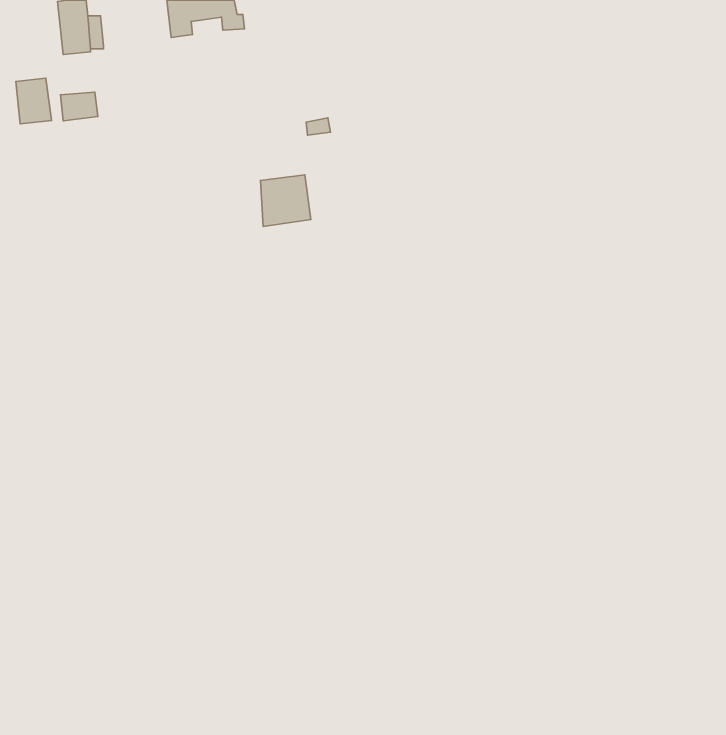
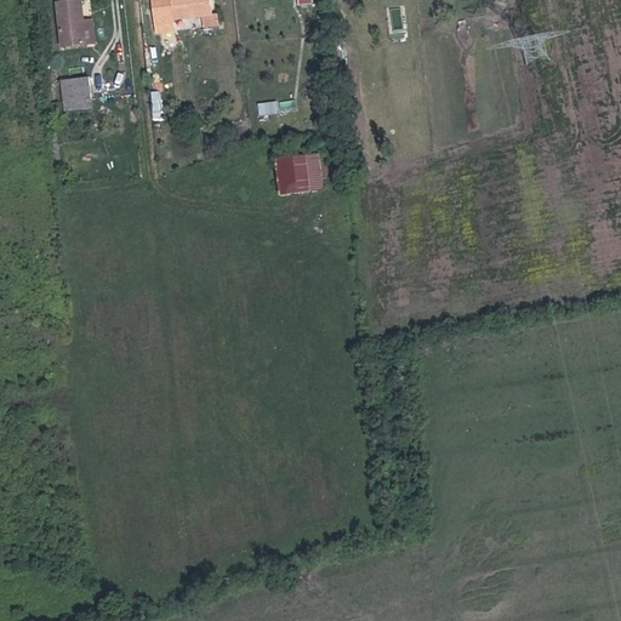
building: [16,78,52,124] -> none
building: [260,175,311,227] -> [277,150,319,194]

